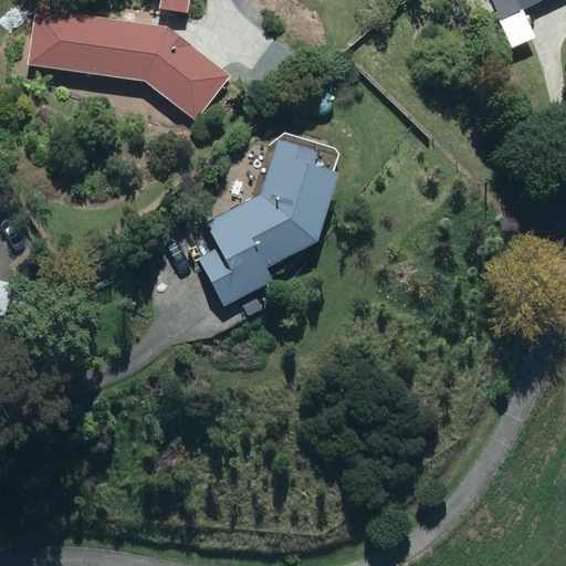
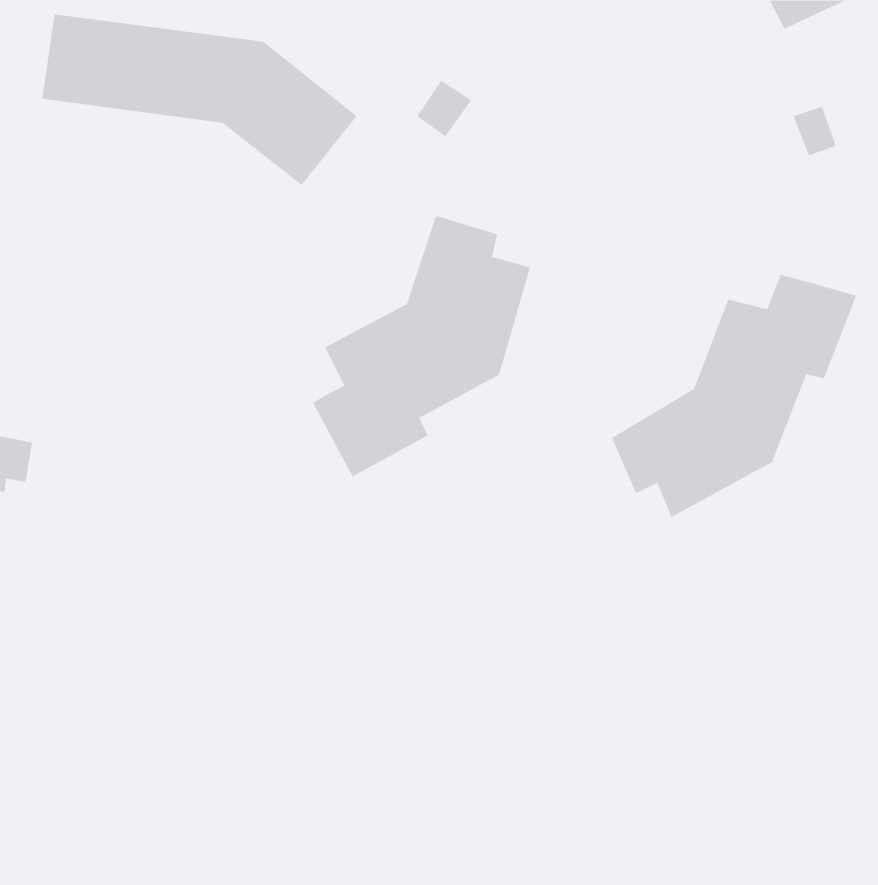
building: none -> [611,274,857,518]

